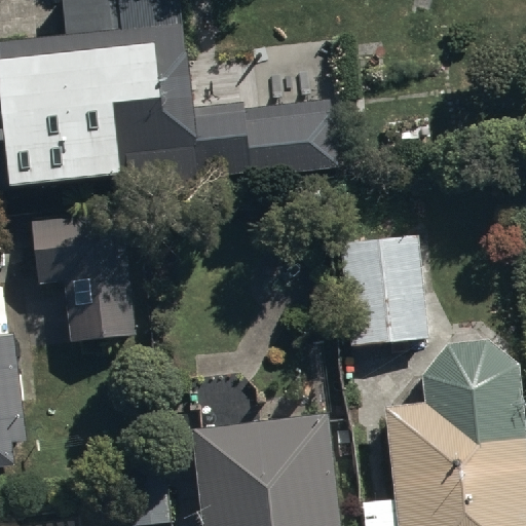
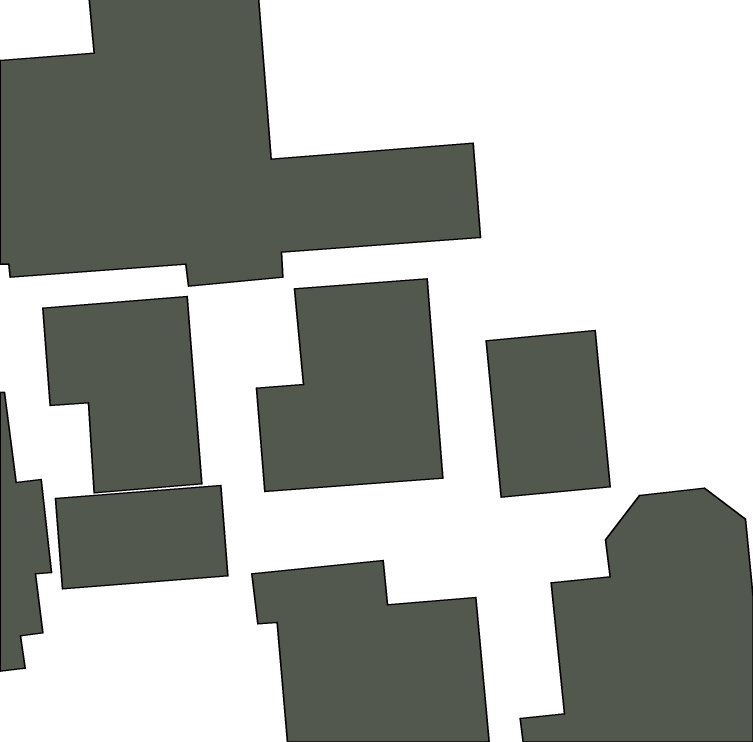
building: none -> [256,279,443,492]
building: none -> [55,486,228,589]

